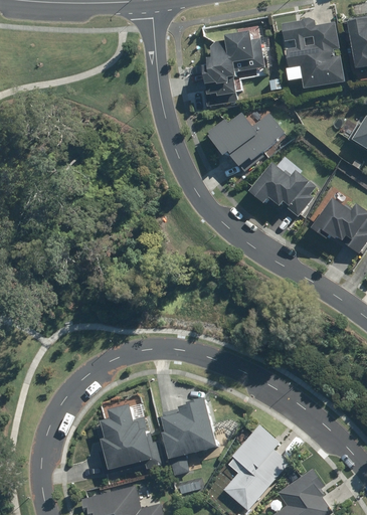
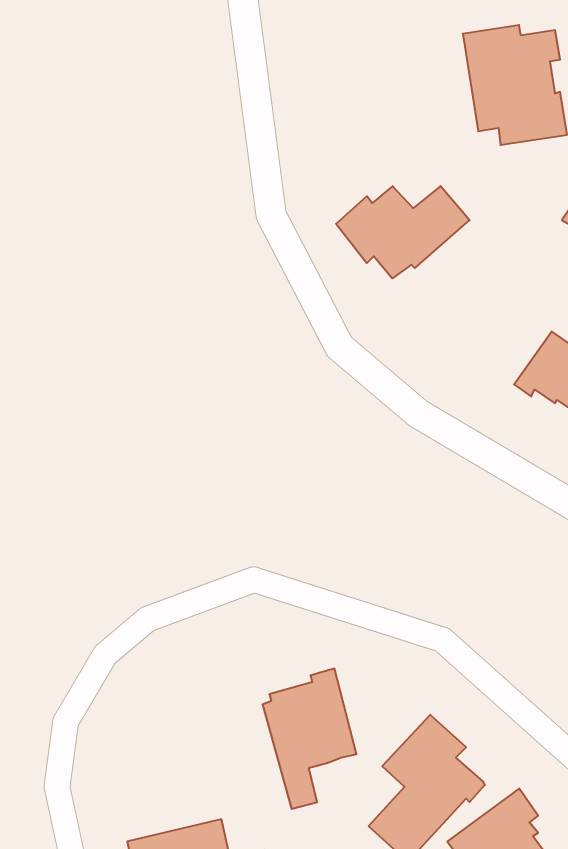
building: [201,30,266,106] -> none
building: [246,163,315,214] -> none
building: [103,404,162,471] -> none

